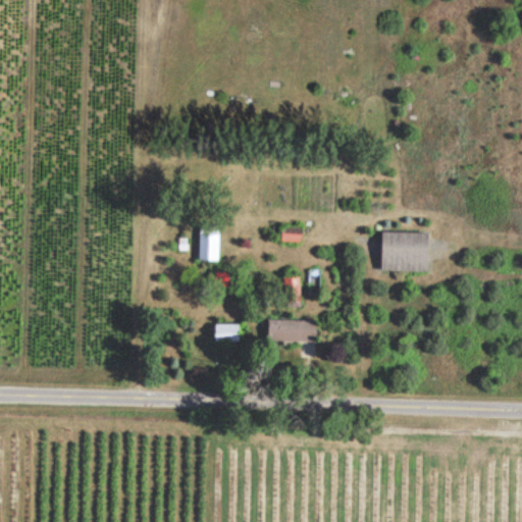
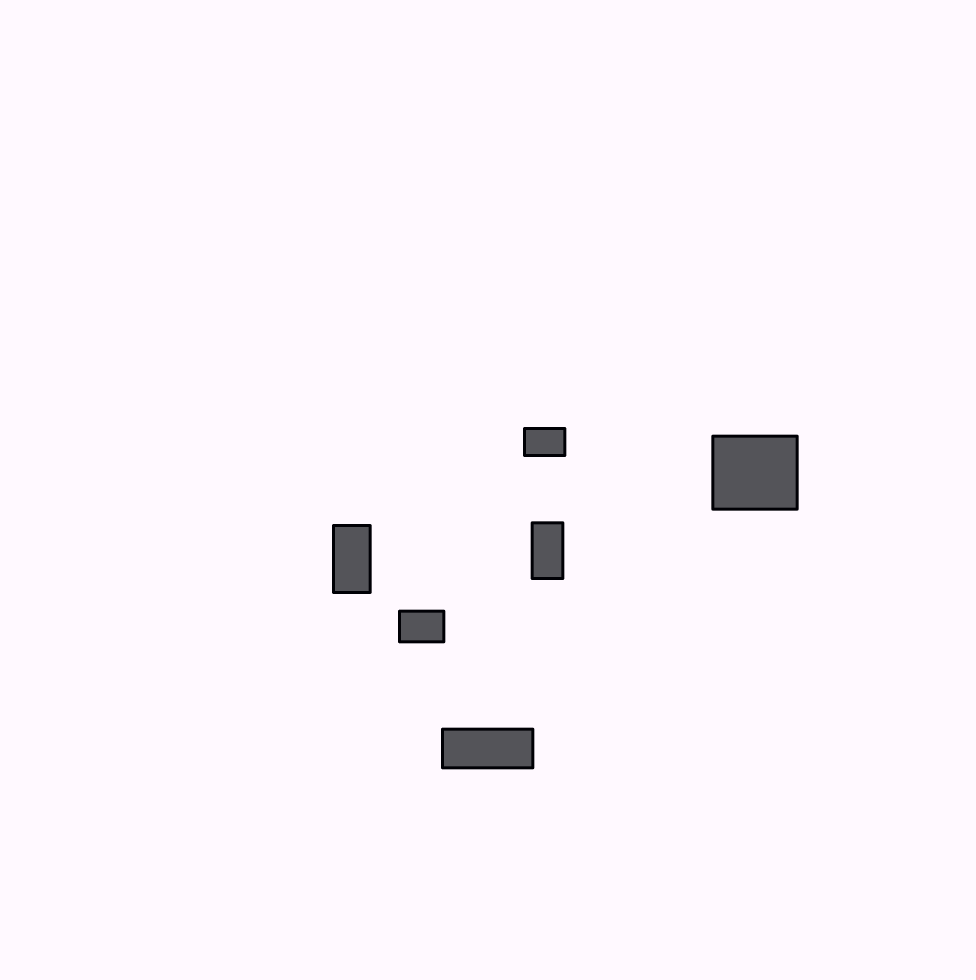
building: [200,225,219,261] -> [334,525,370,593]
building: [268,320,316,341] -> [442,729,533,768]

